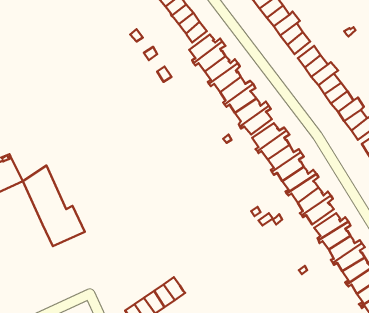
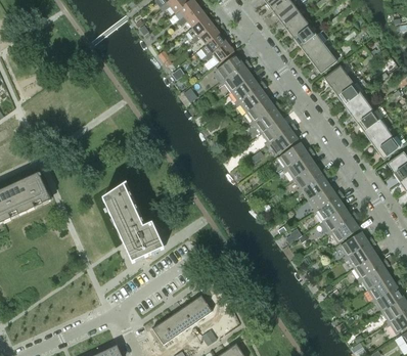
building: [23,166,85,246] -> [102,183,164,263]

